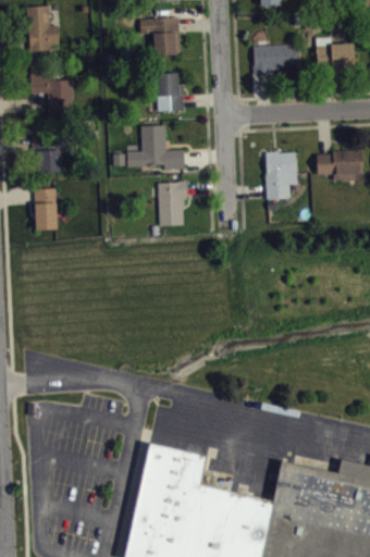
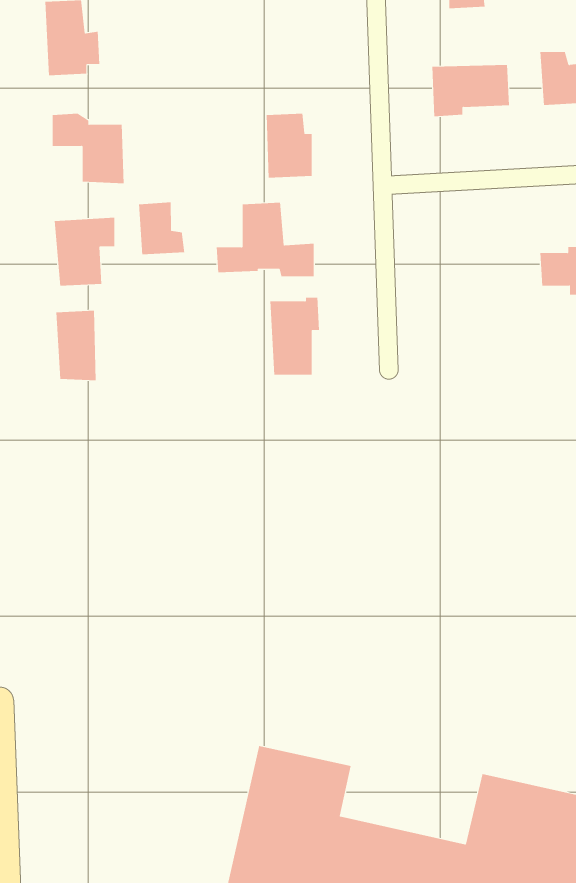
building: [139,17,181,55] -> none
building: none -> [139,201,185,255]
building: [266,151,297,199] -> none

